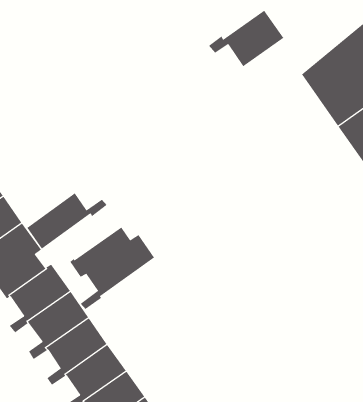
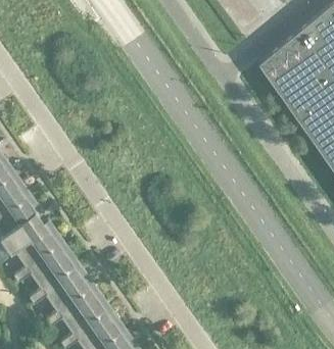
building: [208,10,284,67] -> none
building: [26,192,108,250] -> none
building: [70,226,155,310] -> none

